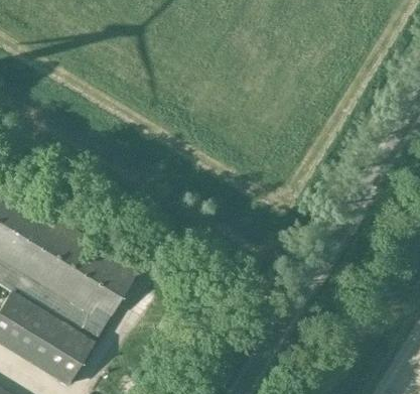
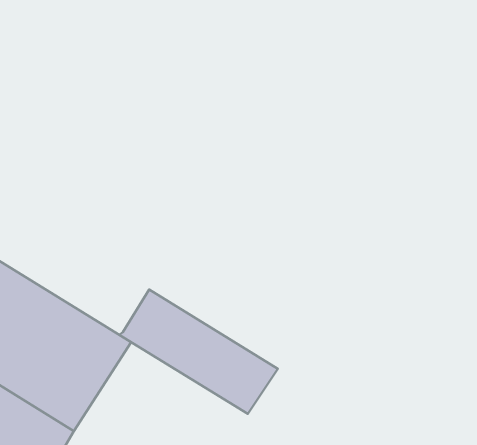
building: none -> [119,289,278,414]

